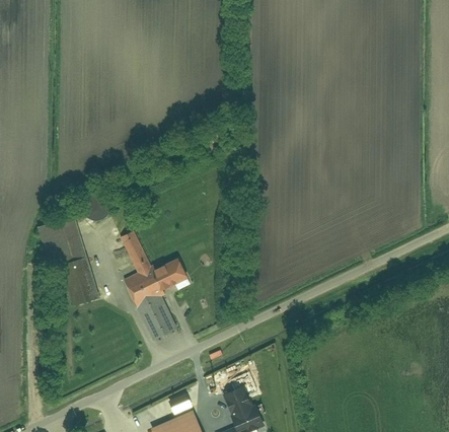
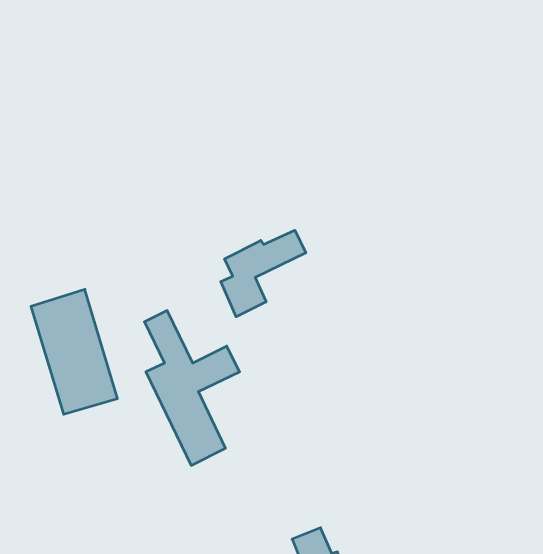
building: none -> [221,230,306,317]

